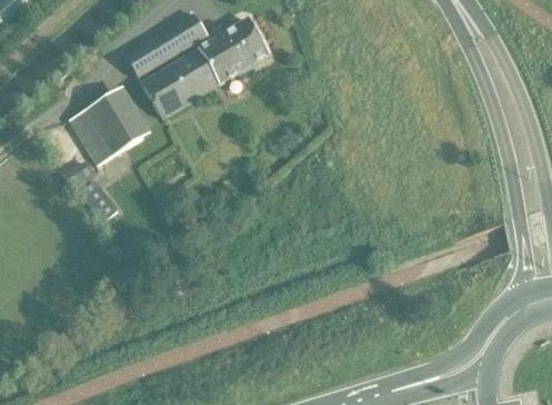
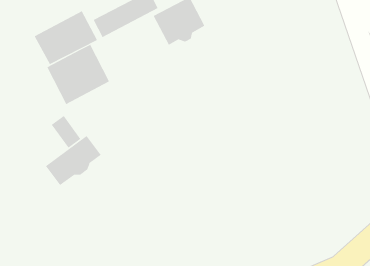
building: [141,43,223,116] -> [34,11,98,65]
building: none -> [45,135,101,186]

